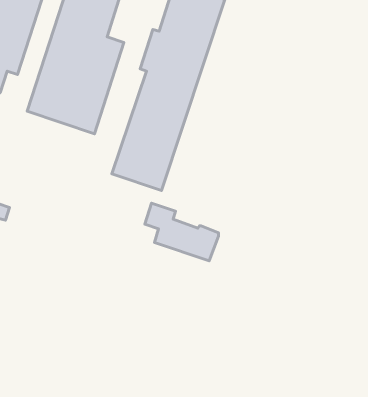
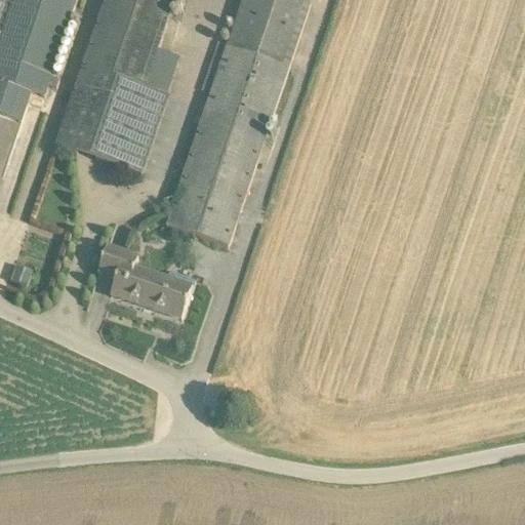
building: [145,203,219,261] -> [97,243,192,317]

